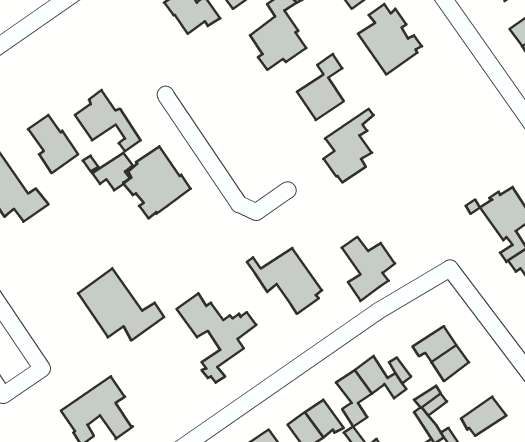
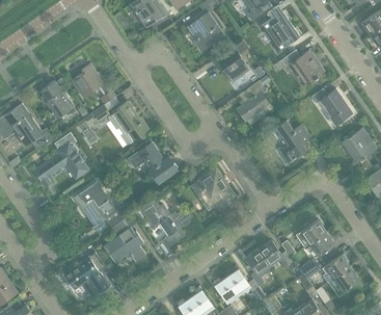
building: none -> [273,50,324,85]
building: none -> [310,88,352,122]
building: none -> [33,141,88,187]
building: none -> [127,143,176,183]
building: [342,237,395,301] -> [275,121,310,163]
building: none -> [104,214,145,266]
building: none -> [321,255,349,282]

